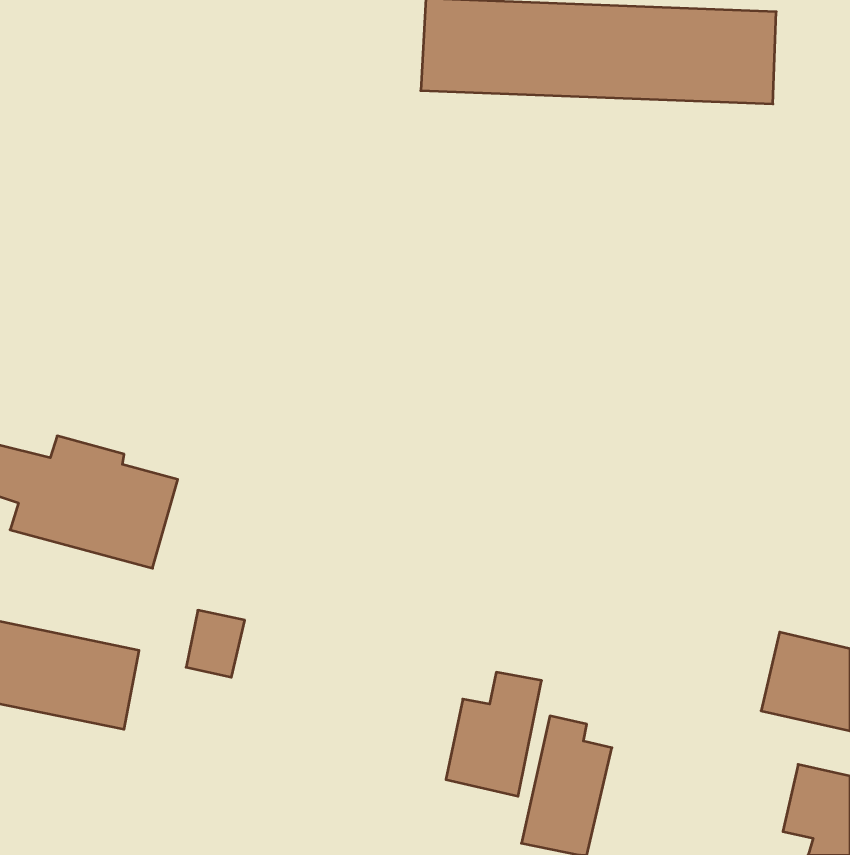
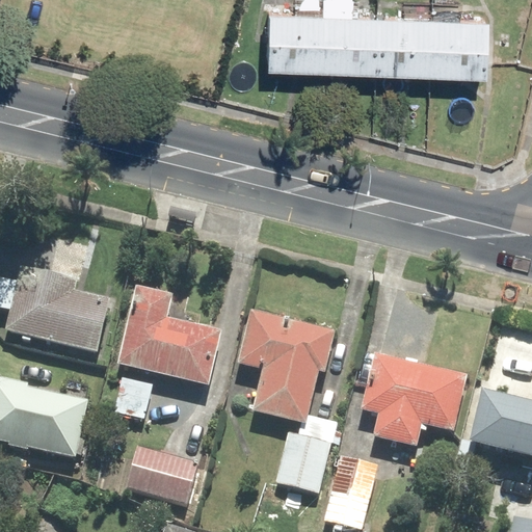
building: none -> [117,287,223,389]
building: none -> [242,312,334,425]
building: none -> [365,356,463,446]
building: none -> [124,445,197,505]

